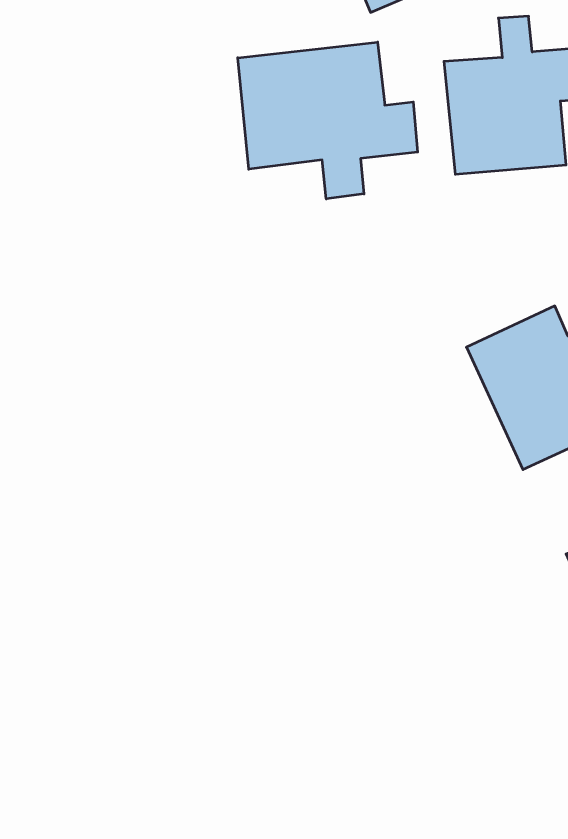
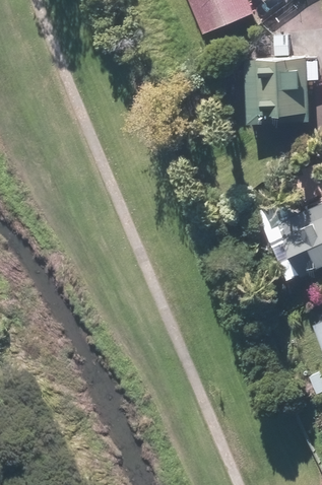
building: [238,42,418,199] -> none

